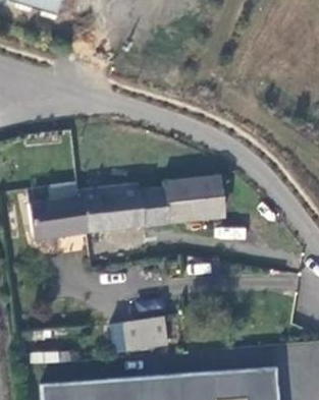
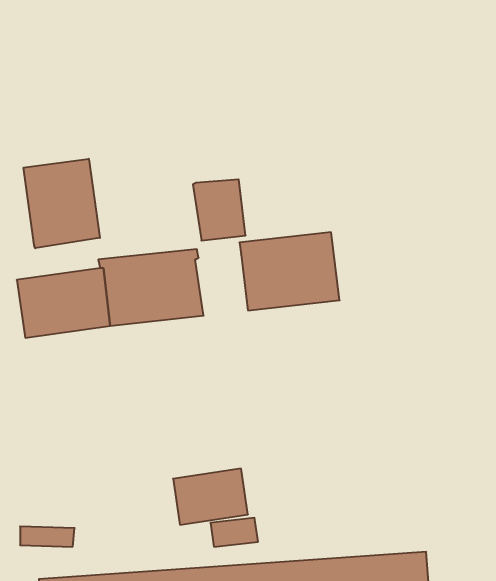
building: none -> [24,159,100,248]
building: [135,188,166,225] -> [193,179,246,241]

